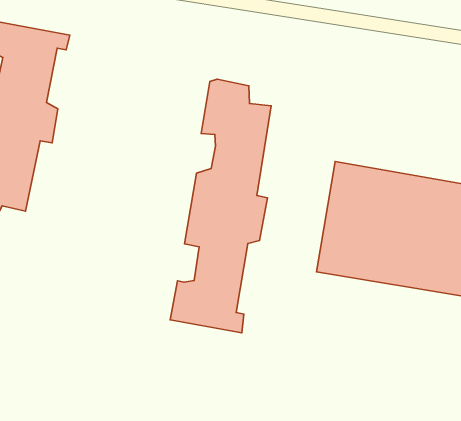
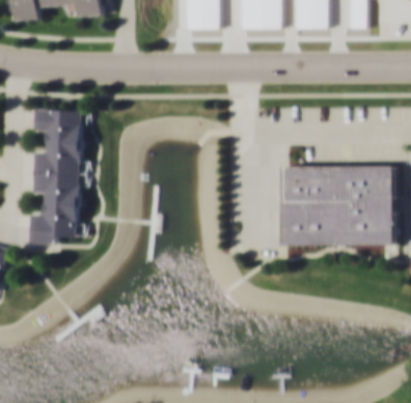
building: [170,79,271,333] -> none

